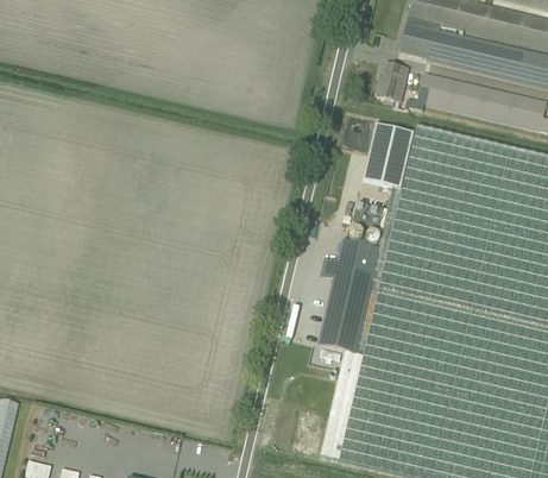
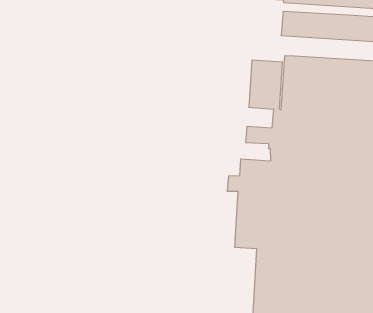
building: [378,64,410,102] -> none

